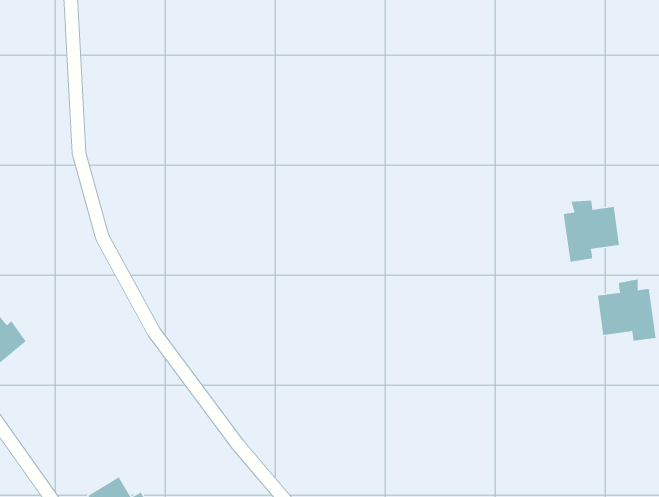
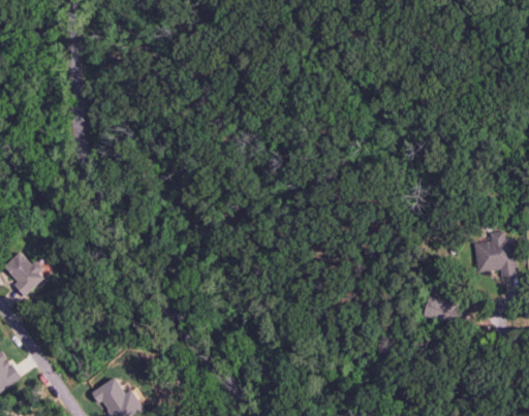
building: [563,200,620,263] -> none
building: none -> [424,293,461,324]

